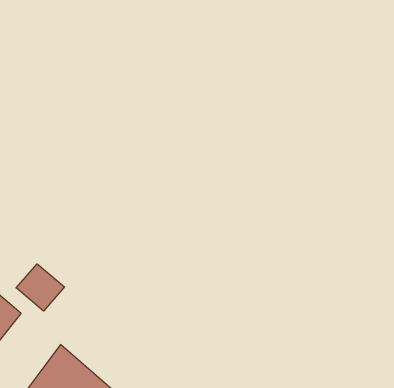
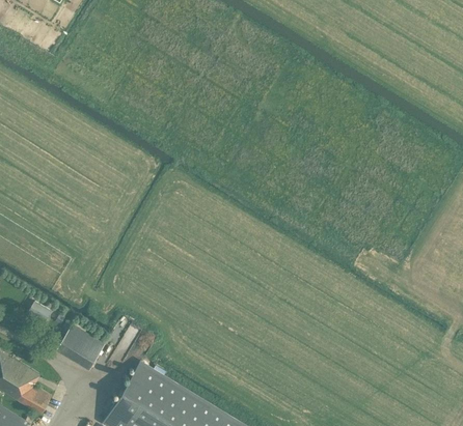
building: [16,264,65,311] -> none

